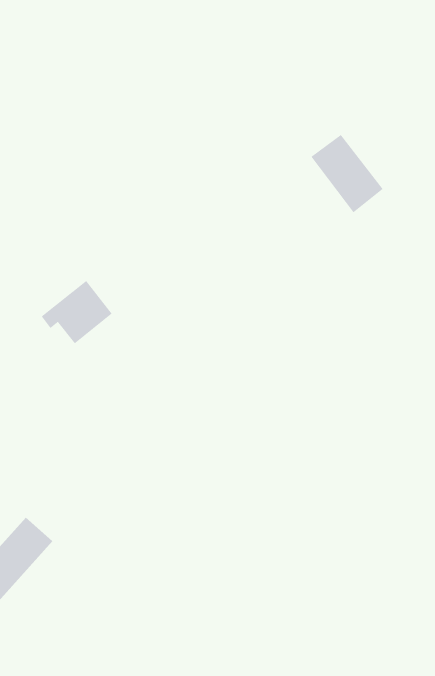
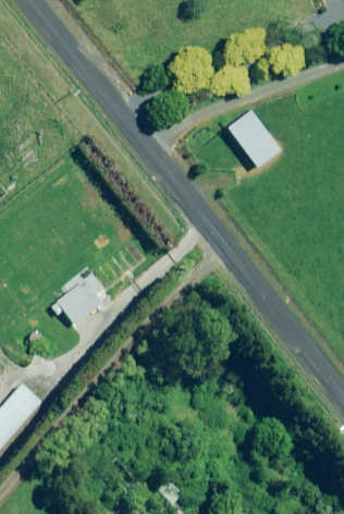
building: [41,280,112,344] -> [52,279,103,325]

